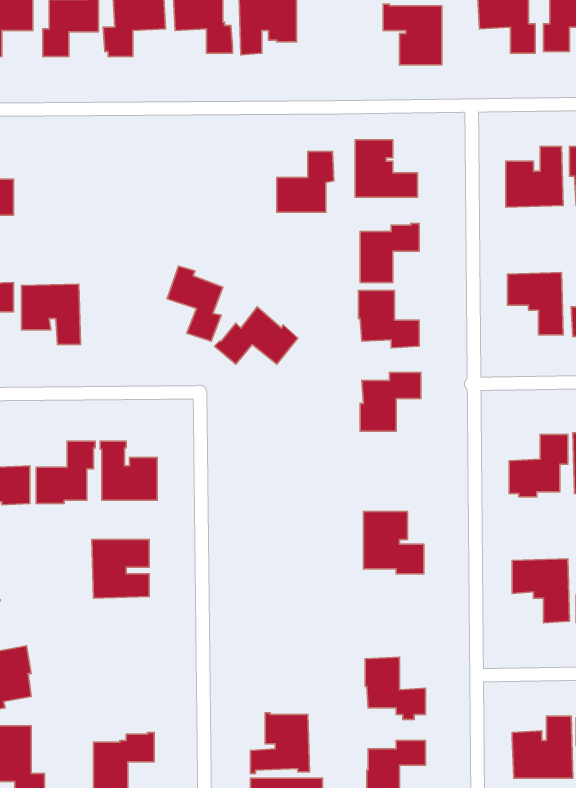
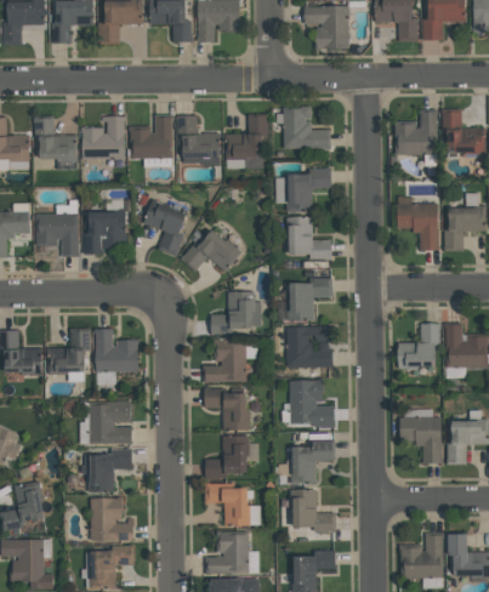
building: none -> [131,115,172,159]
building: none -> [177,115,220,159]
building: none -> [35,116,78,161]
building: none -> [83,116,126,159]
building: none -> [84,210,126,255]
building: none -> [211,292,261,334]
building: none -> [286,326,332,368]
building: none -> [204,340,248,382]
building: none -> [204,387,249,429]
building: none -> [205,436,250,479]
building: none -> [291,442,335,484]
building: none -> [81,448,132,493]
building: none -> [205,484,251,525]
building: none -> [91,497,135,541]

